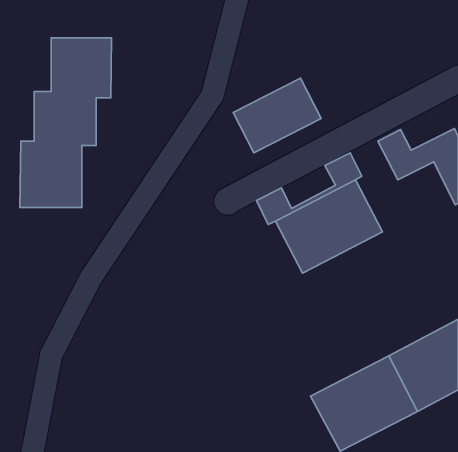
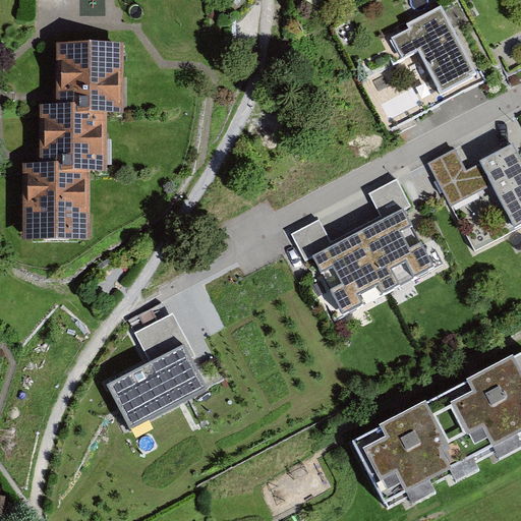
building: none -> [383,5,476,97]
building: [233,78,321,153] -> none
building: none -> [105,306,207,424]

